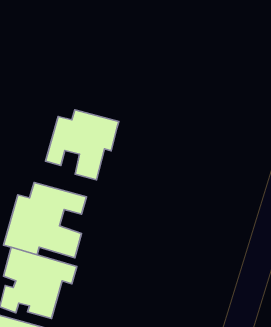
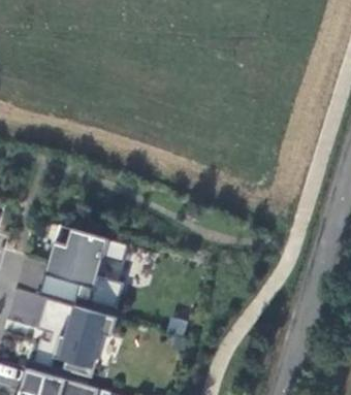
building: [46,110,119,180] -> none

